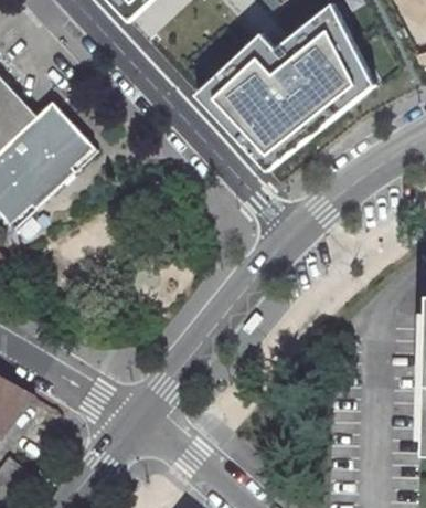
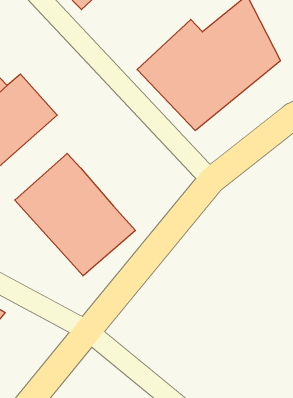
building: none -> [15,153,135,276]

